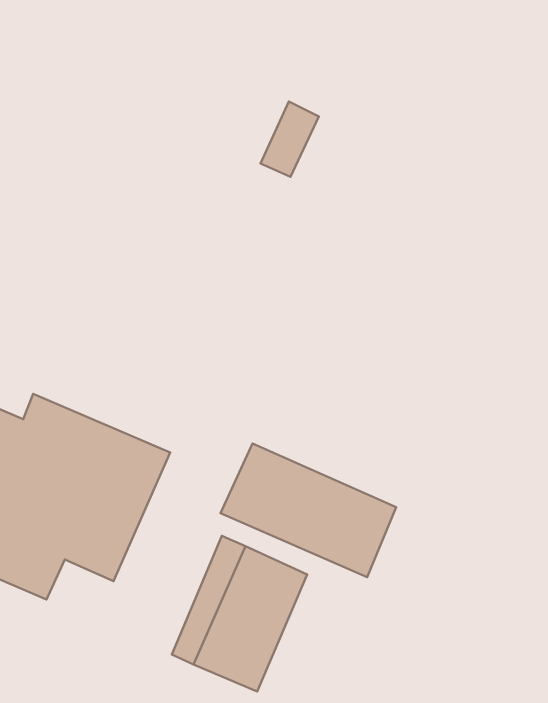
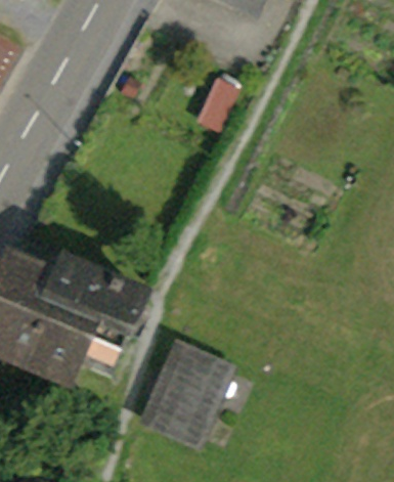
building: [221,443,396,577] -> none

